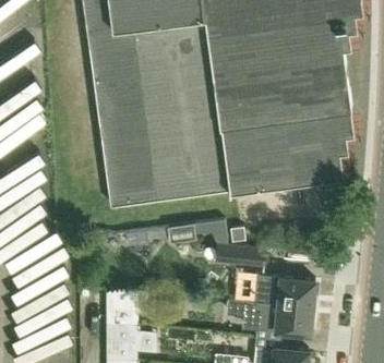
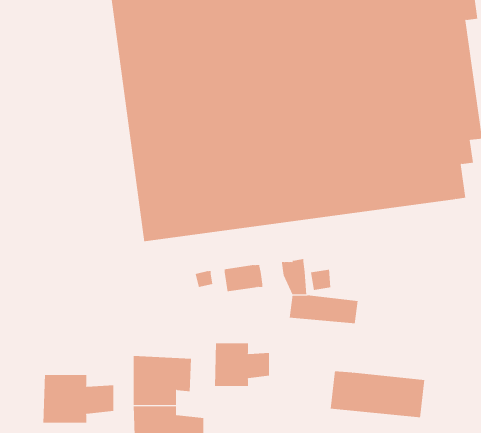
building: [262,275,316,307] -> none
building: none -> [214,343,269,387]
building: none -> [43,374,114,423]

